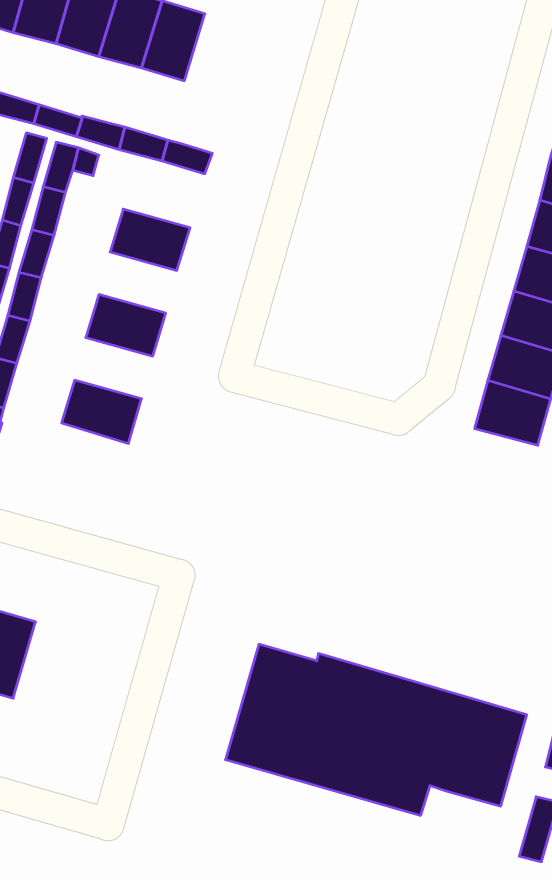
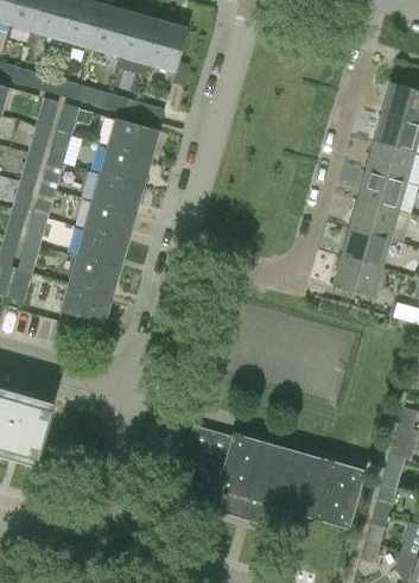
building: none -> [147,21,188,72]
building: none -> [108,118,159,158]
building: none -> [93,173,142,213]
building: none -> [77,228,127,267]
building: none -> [61,283,112,324]

